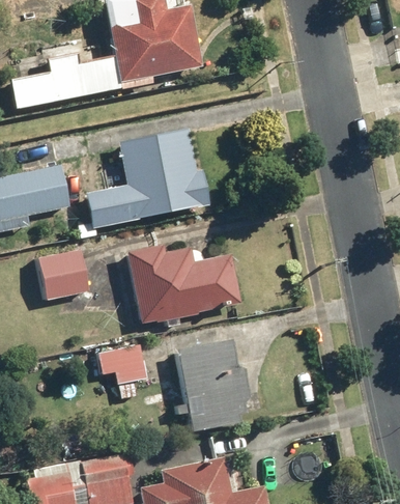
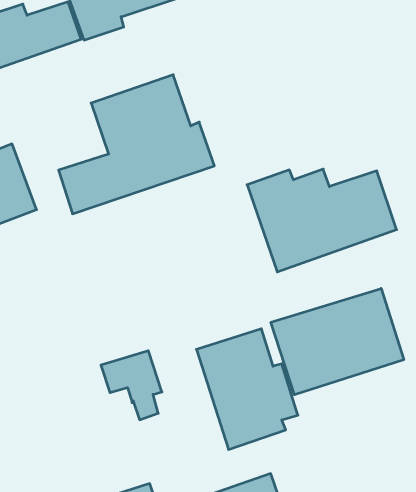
building: [127,244,241,324] -> [247,169,397,272]
building: [39,249,88,297] -> none
building: none -> [271,288,404,395]

